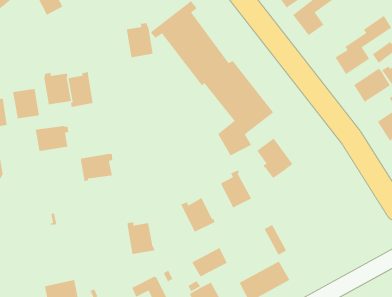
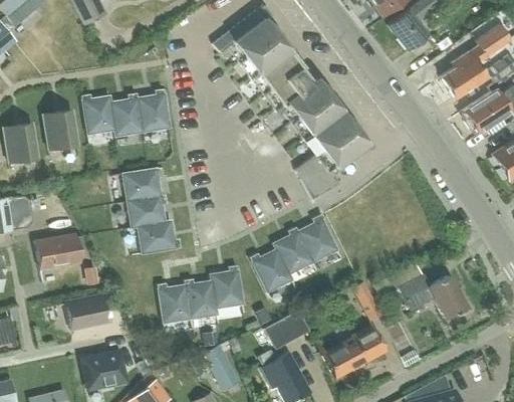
building: [126,22,154,58] -> [138,88,172,133]
building: [35,125,69,152] -> [121,167,164,200]
building: [256,138,293,179] -> none
building: none -> [138,219,182,254]
building: none -> [273,226,315,274]
building: none -> [36,234,80,268]
building: none -> [209,265,245,309]
building: none -> [400,274,470,319]
building: none -> [158,283,191,324]
building: none -> [66,295,106,329]

